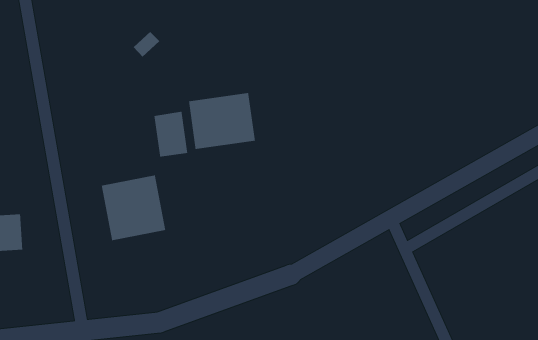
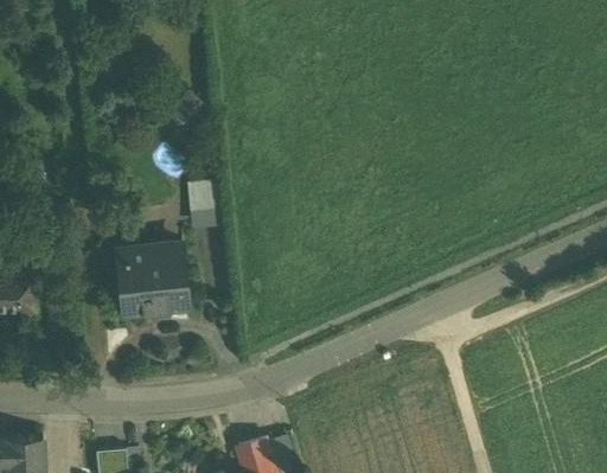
building: [188,92,256,150] -> none

